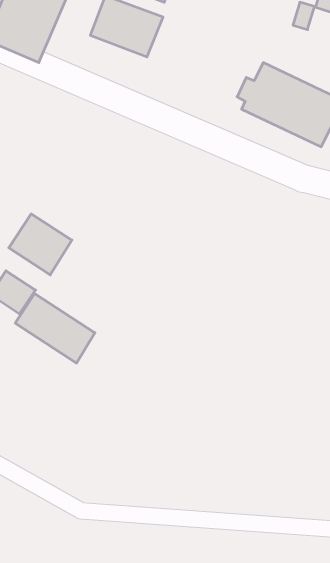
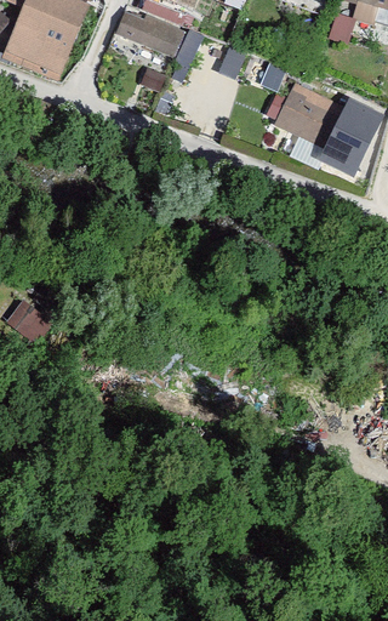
building: [9,214,72,275] -> none
building: [15,294,95,363] -> none

